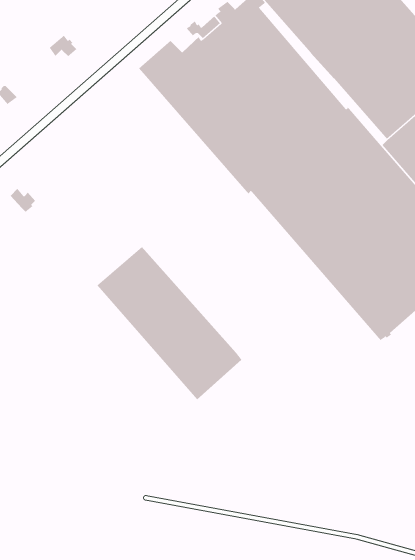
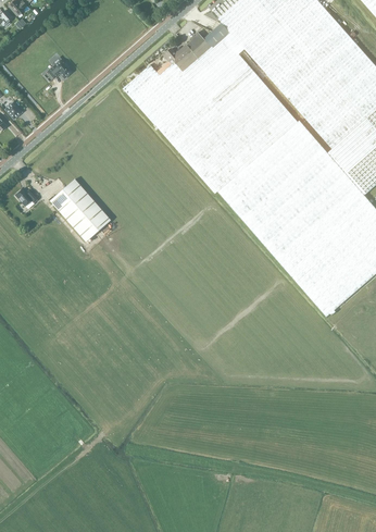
building: none -> [50,178,110,242]
building: [97,246,242,400] -> none

